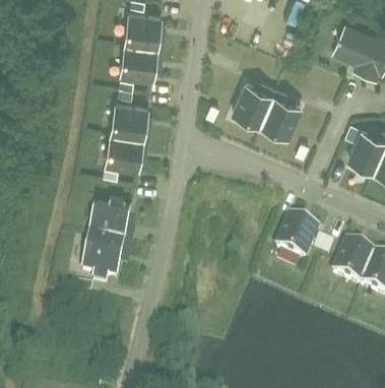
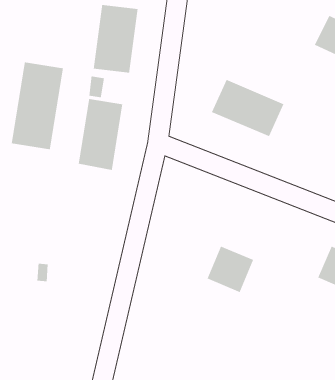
building: none -> [11,62,64,150]
building: [79,200,127,281] -> none
building: [275,211,320,256] -> [207,245,254,293]

